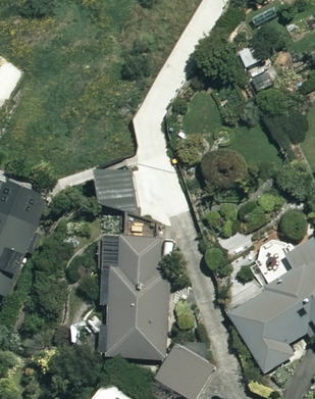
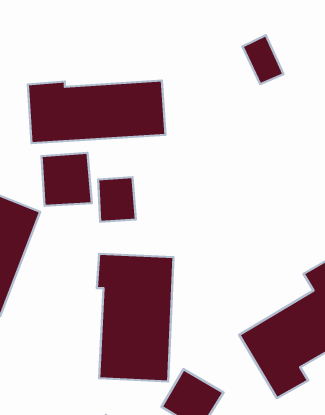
building: none -> [28,80,166,143]
building: none -> [41,153,92,206]

